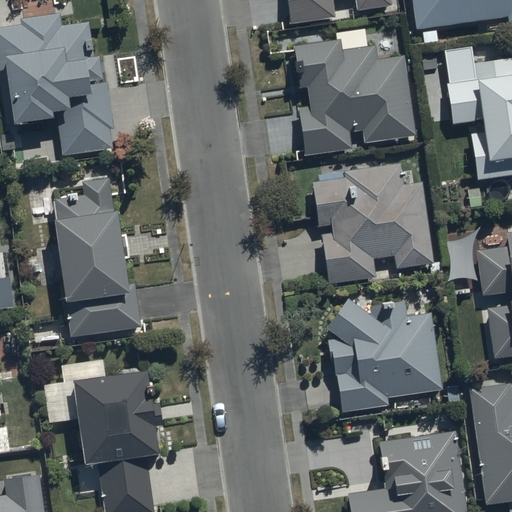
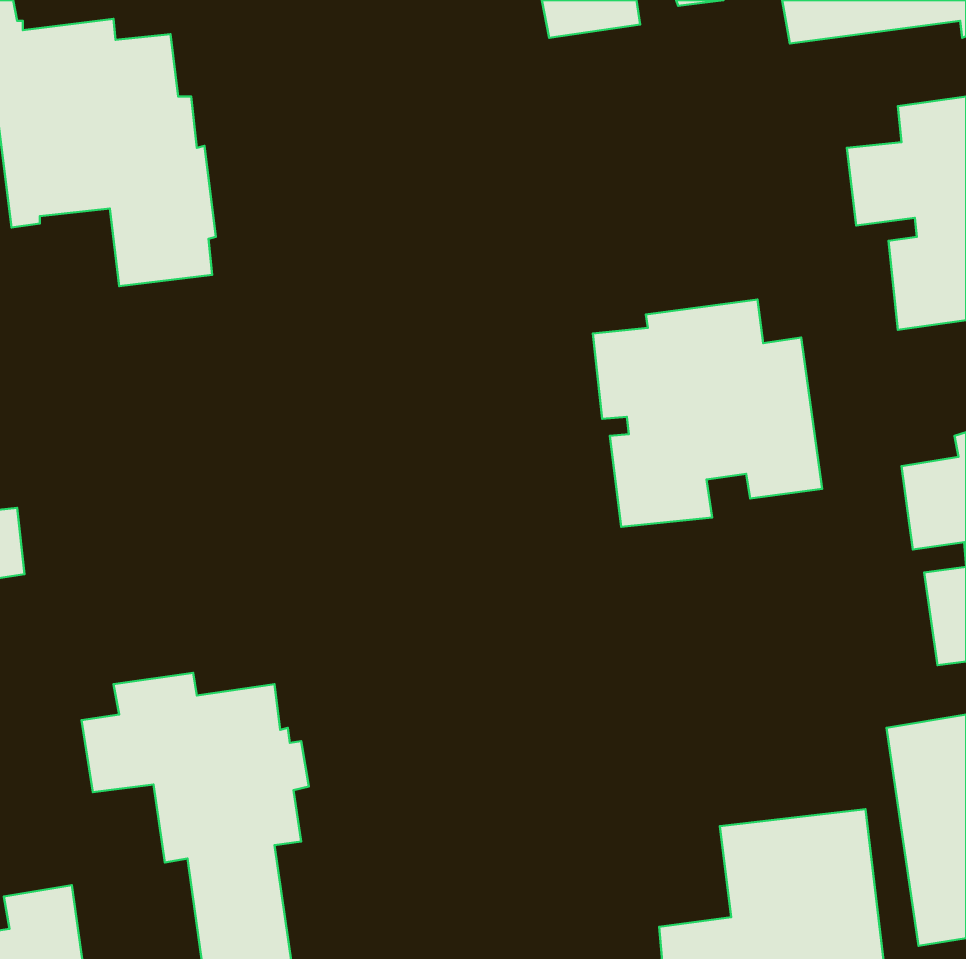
building: [295,39,415,155] -> none
building: [50,171,141,338] -> none
building: [325,296,443,413] -> none

